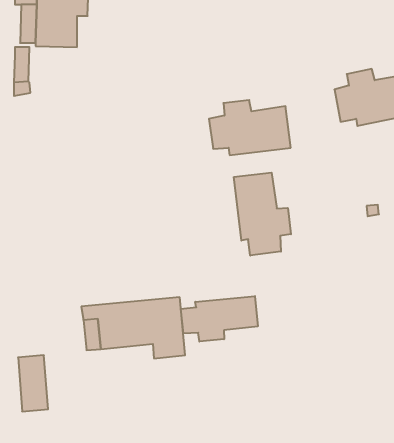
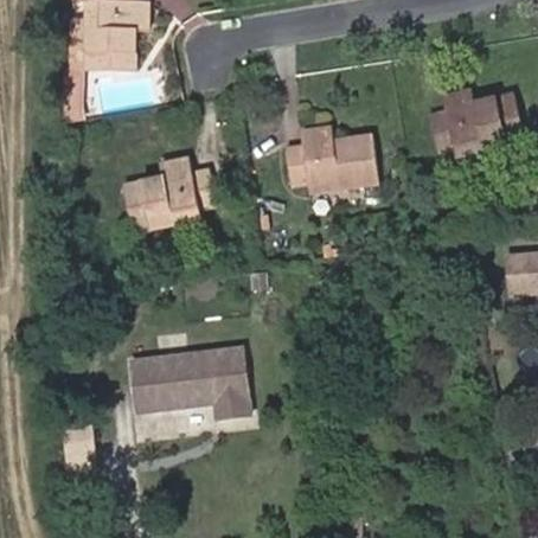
building: none -> [122,156,216,229]
building: [234,173,291,256] -> none
building: [181,296,258,342] -> none

